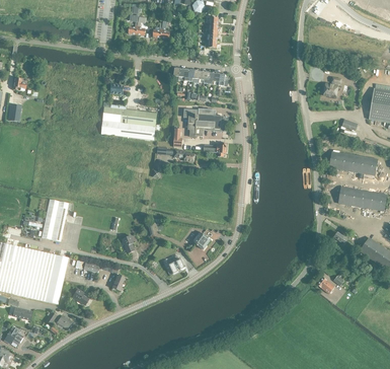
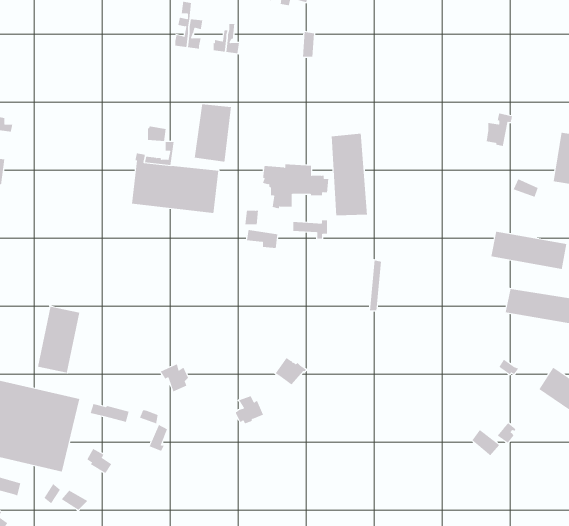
building: none -> [194,103,231,163]
building: none -> [331,133,367,216]

